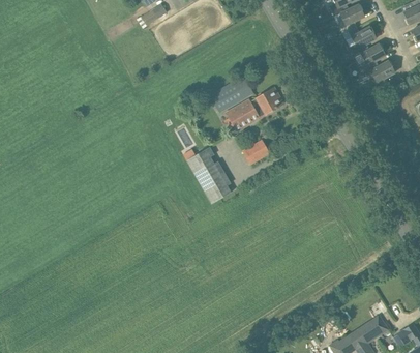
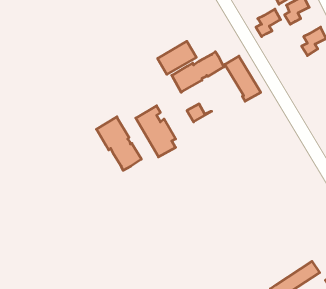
building: [358,43,385,73] -> [256,9,281,37]
building: none -> [225,56,261,101]
building: none -> [96,117,141,170]

